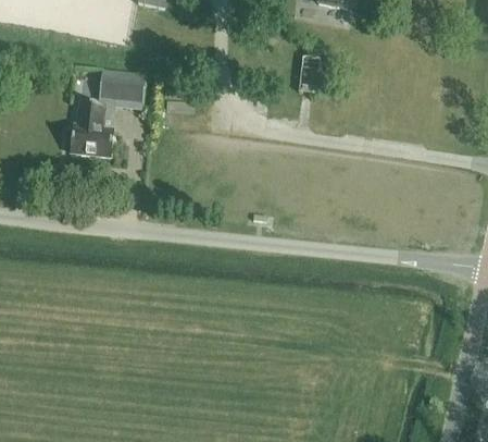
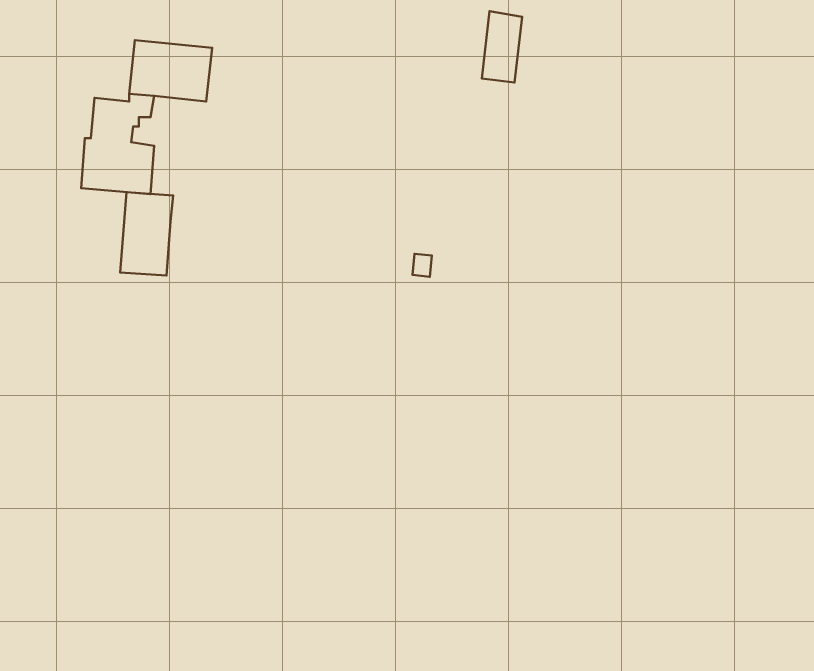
building: none -> [120,192,173,276]

